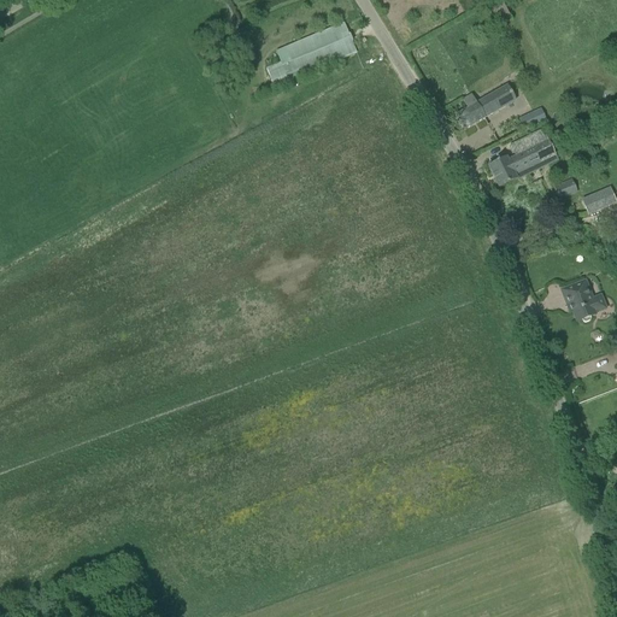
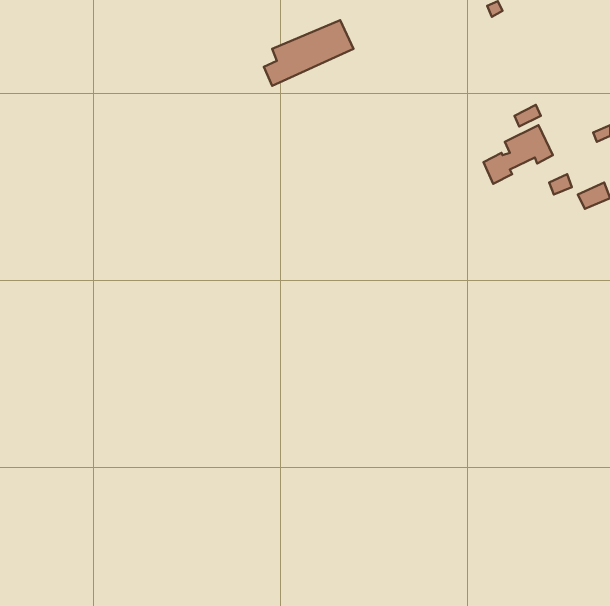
building: [456,83,515,128] -> none
building: [562,278,607,321] -> none

